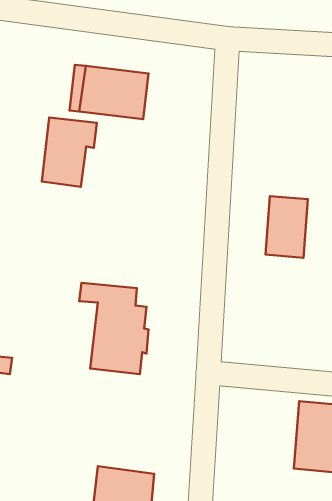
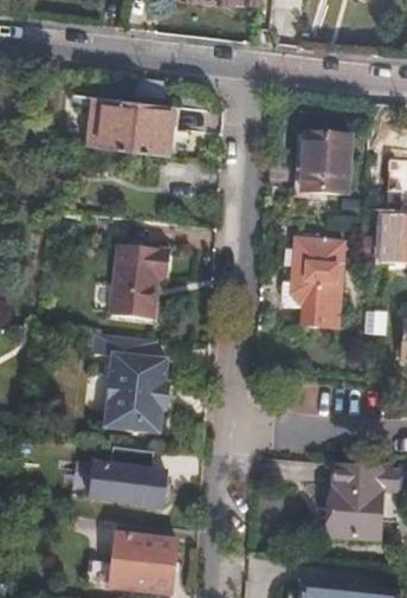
building: none -> [303,133,351,193]
building: [42,117,97,187] -> [109,244,169,320]
building: none -> [90,445,169,504]

